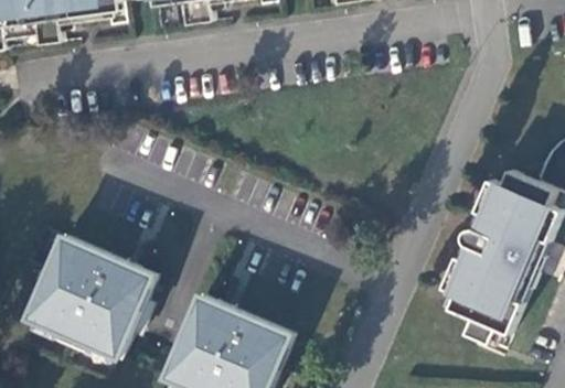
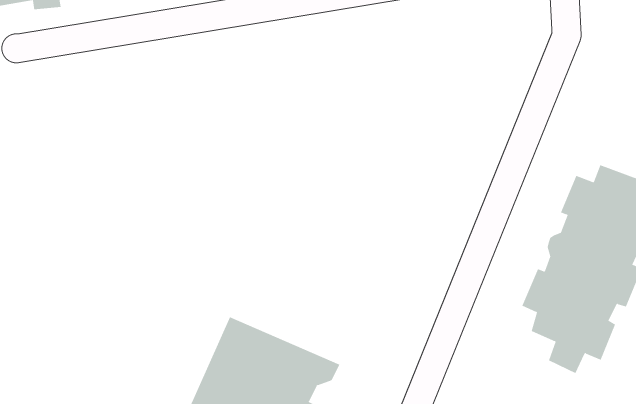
building: [24,235,152,357] -> none

